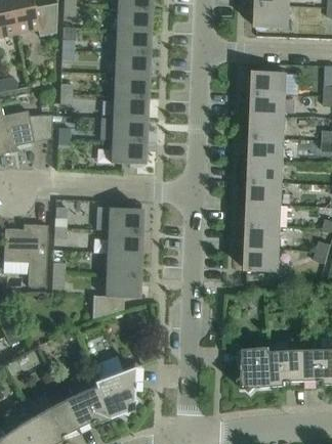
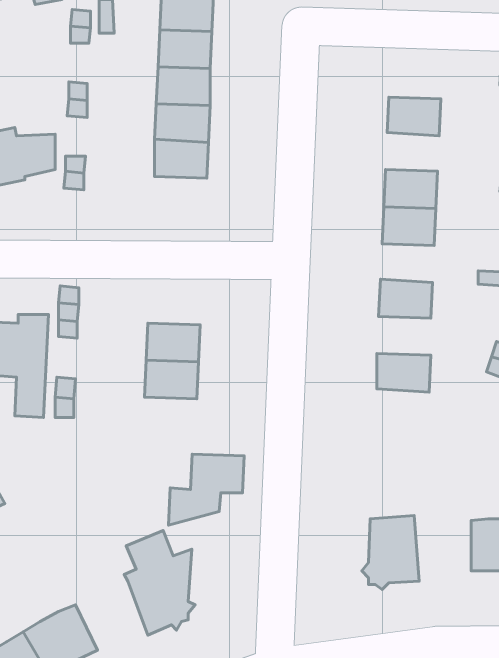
building: [254,70,287,93] -> none
building: [252,114,285,137] -> none
building: [111,140,143,164] -> none
building: [249,181,282,205] -> none
building: [108,207,140,230] -> none
building: [247,225,280,249] -> none
building: [91,274,137,317] -> [168,454,244,525]
building: [269,346,304,386] -> none
building: [64,386,108,428] -> none

